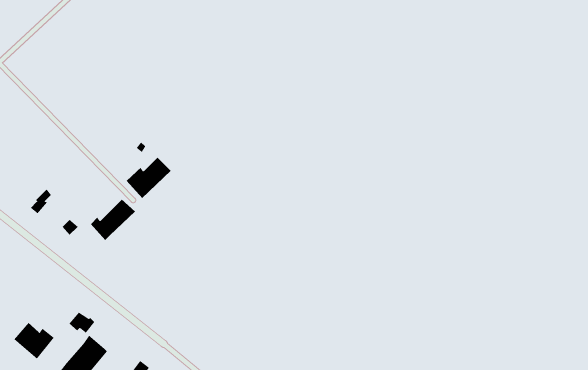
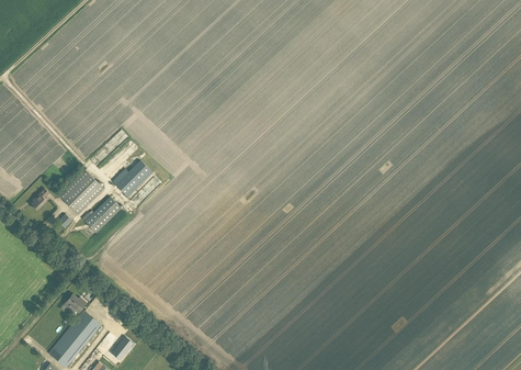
building: none -> [59,169,104,214]
building: [13,322,55,359] -> none

